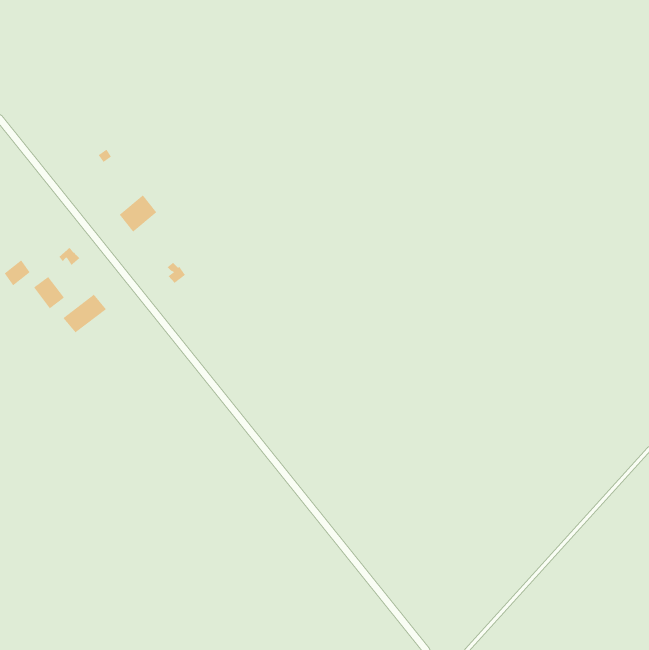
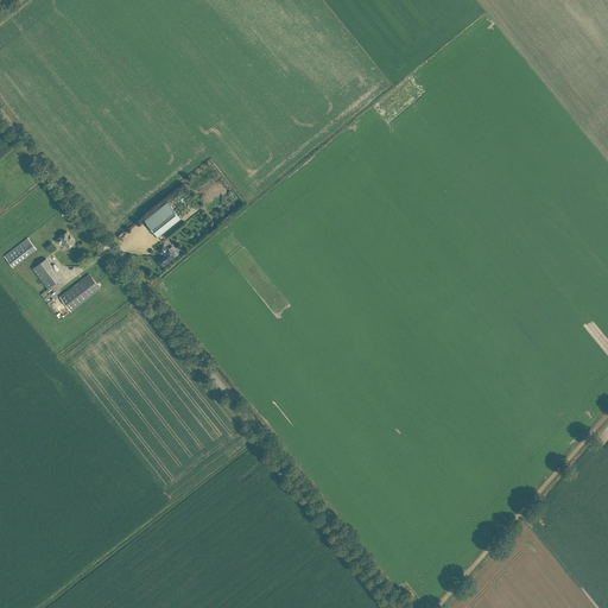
building: [119,194,157,233] -> [144,201,179,236]

